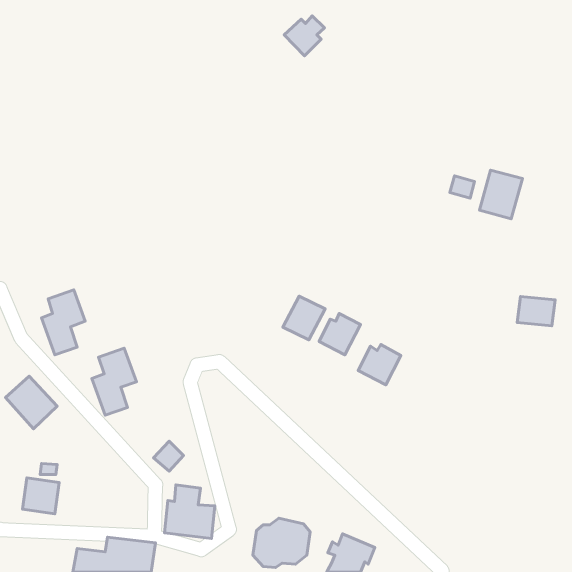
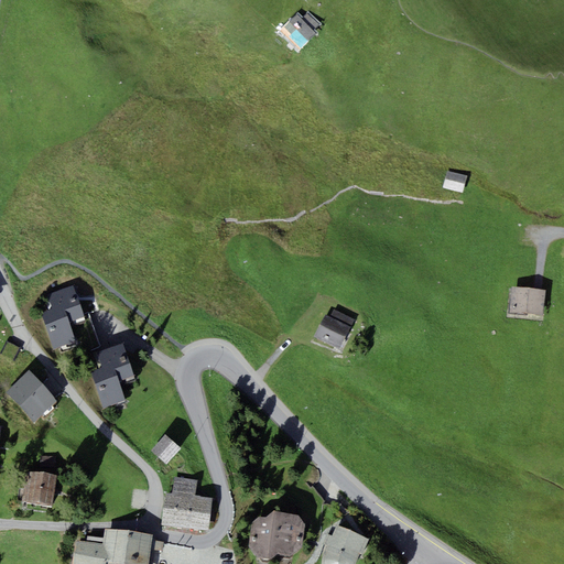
building: [479,170,522,219] -> none
building: [283,296,325,340] -> none
building: [358,345,401,385] -> none

